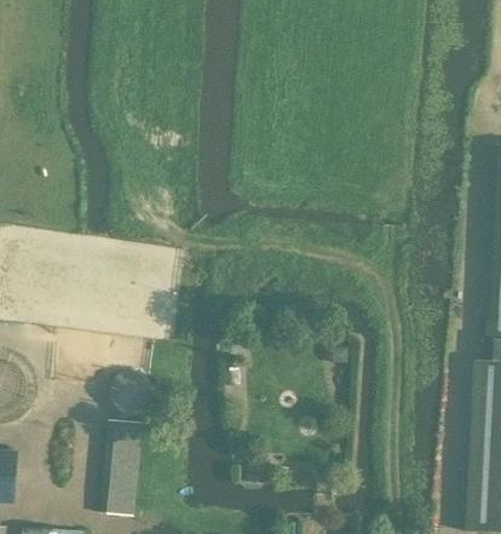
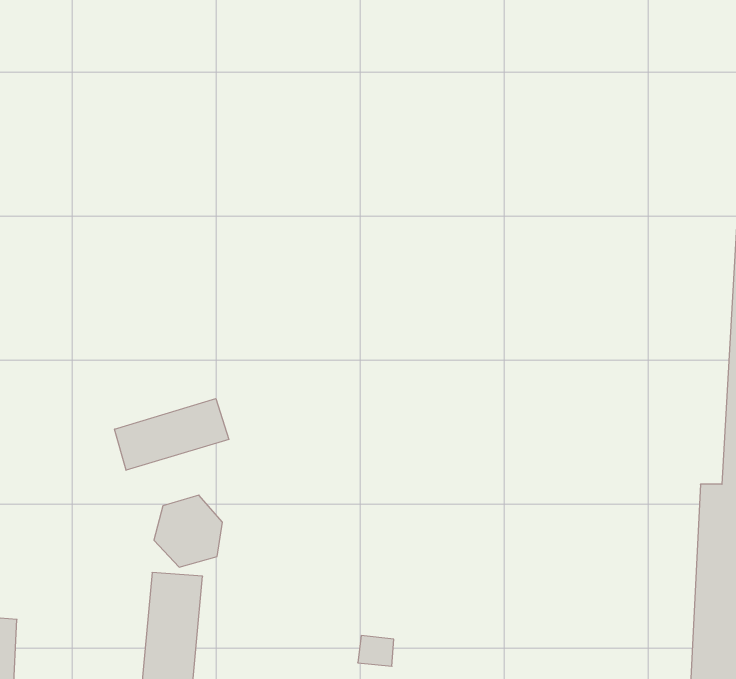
building: none -> [115,399,229,470]

